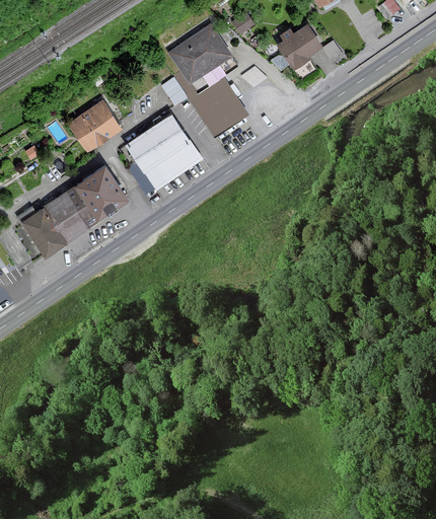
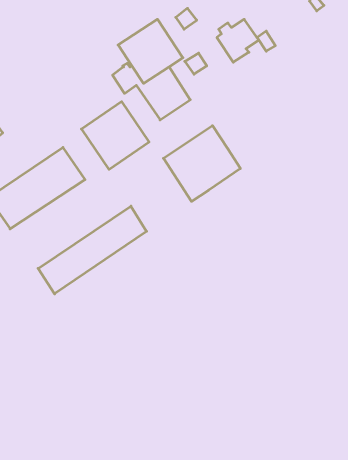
building: [66,100,122,152] -> none
building: none -> [163,126,240,201]
building: none -> [38,206,147,294]

